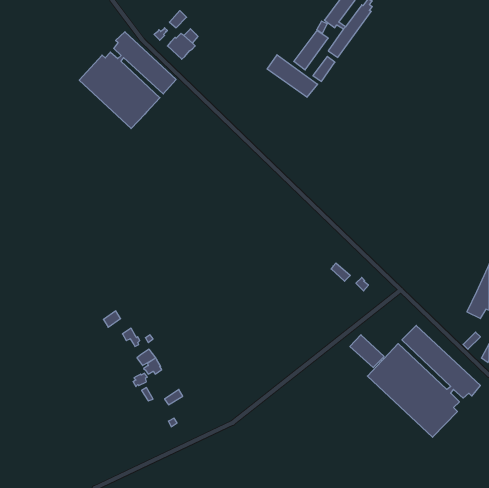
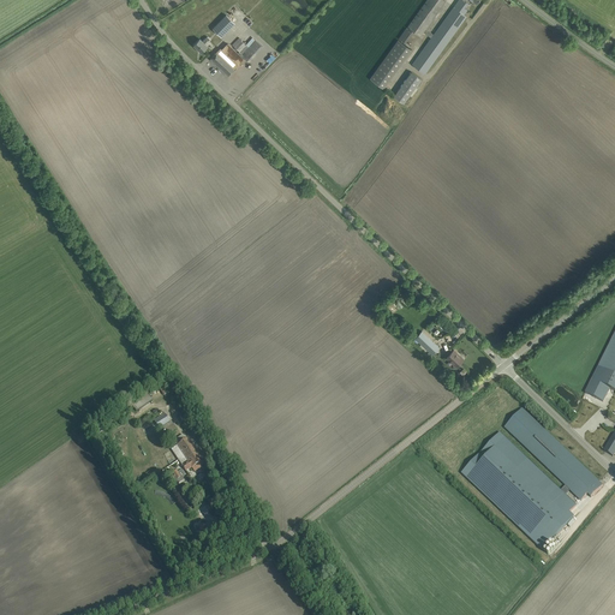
building: [79,32,176,129] -> none
building: [267,55,318,97] -> none
building: [350,335,384,368] -> none

